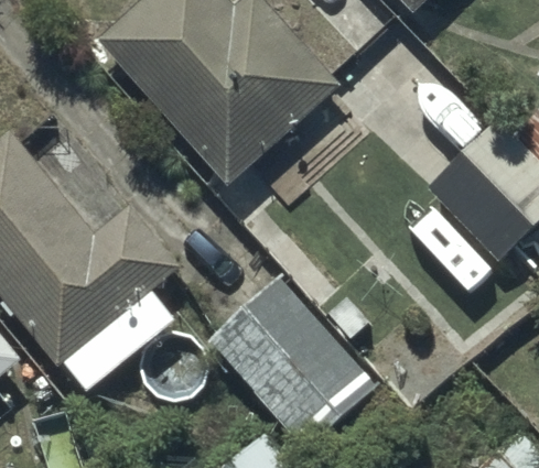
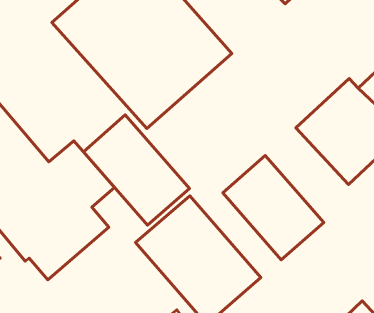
building: none -> [83,115,189,225]
building: none -> [223,156,324,260]

